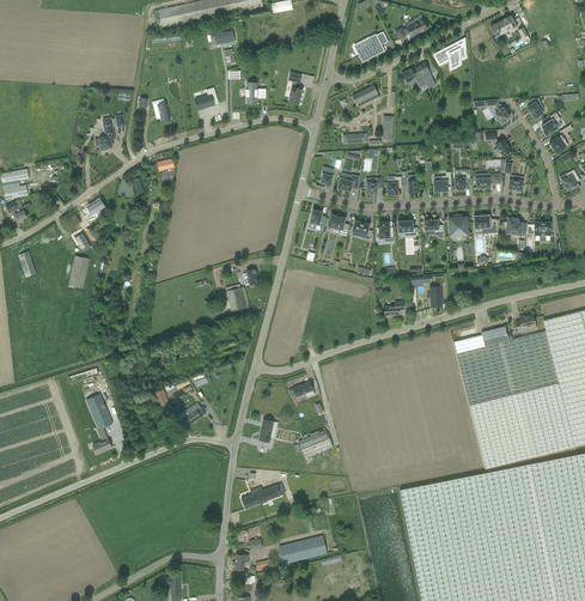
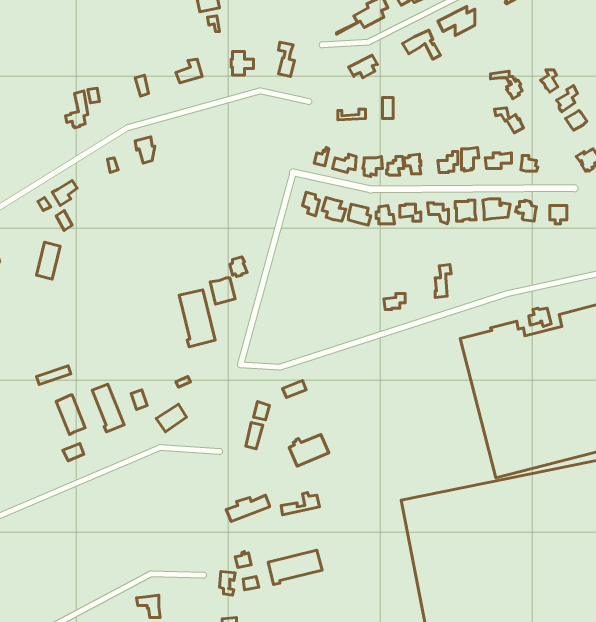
building: none -> [179,290,215,347]
building: none -> [92,384,124,432]

